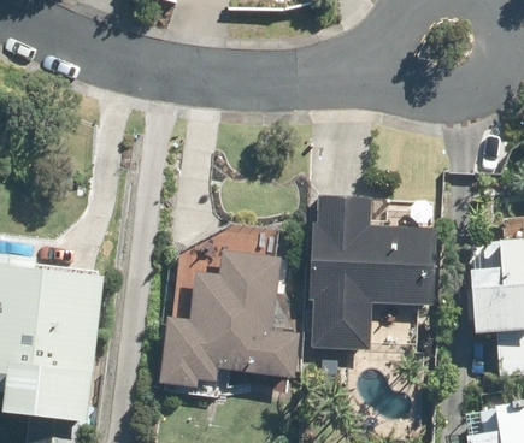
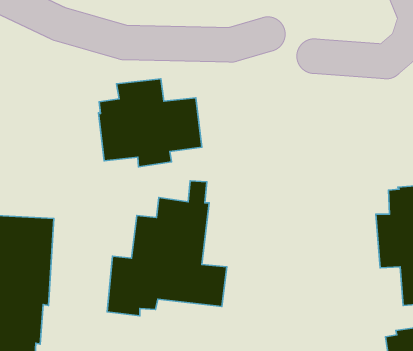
building: none -> [98,79,202,167]
building: [311,196,434,350] -> none

